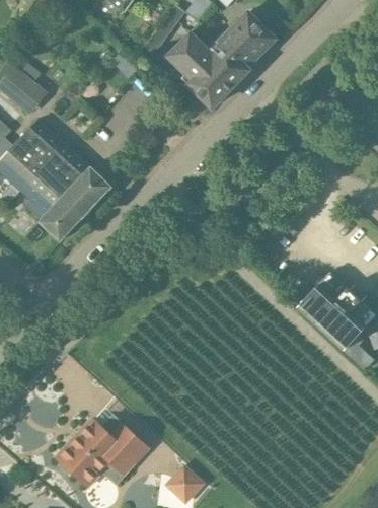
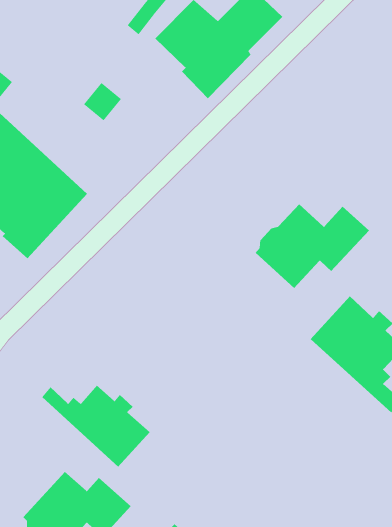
building: none -> [255,204,370,289]
building: none -> [42,385,150,468]

